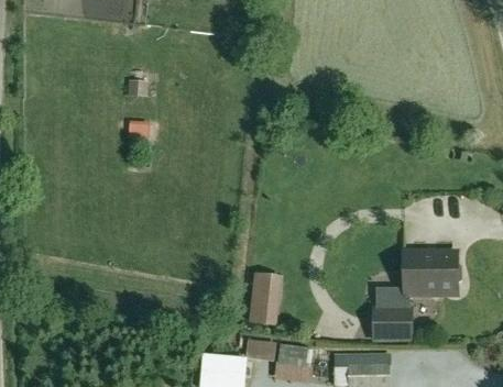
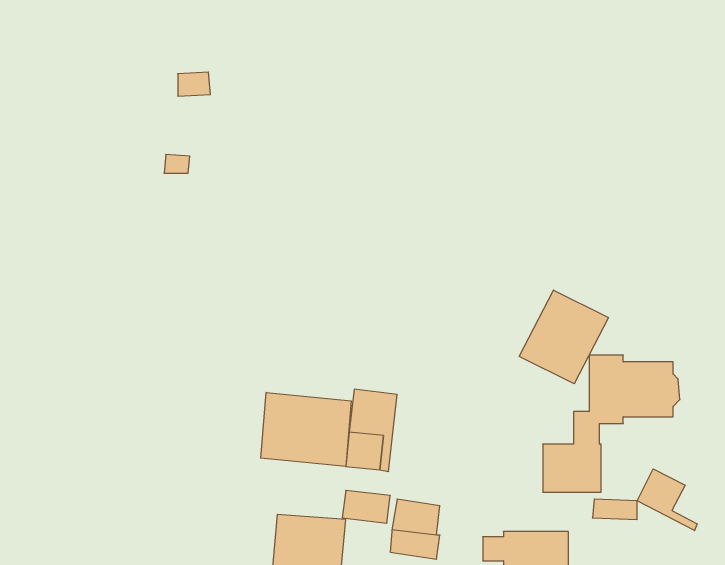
building: none -> [519,290,608,384]
building: none -> [261,392,351,467]
building: none -> [637,469,697,531]

